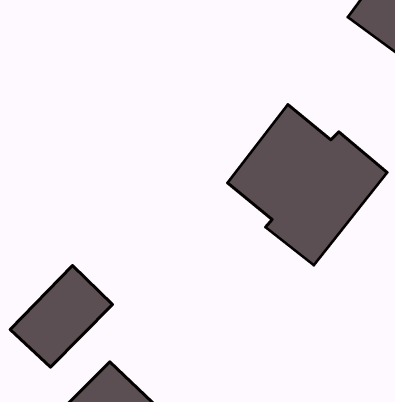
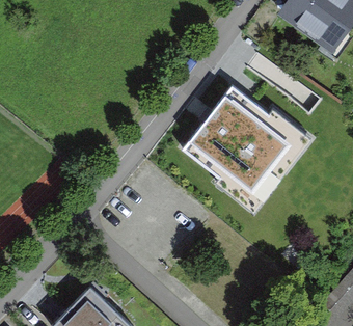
building: [10,265,112,367] -> none

